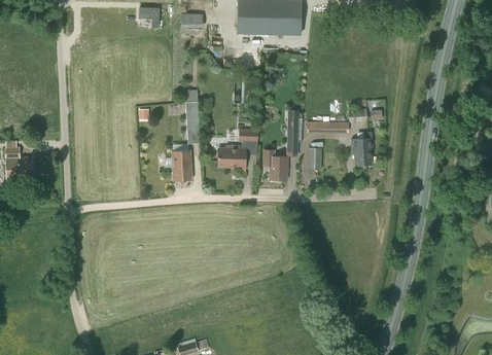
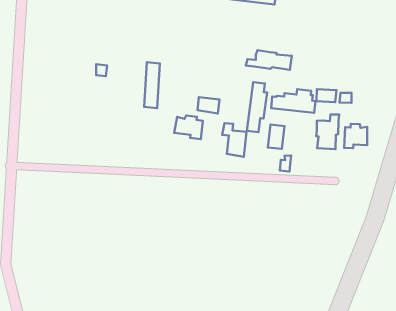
building: none -> [246,50,292,70]
building: none -> [344,124,367,148]
building: [164,151,191,181] -> none

